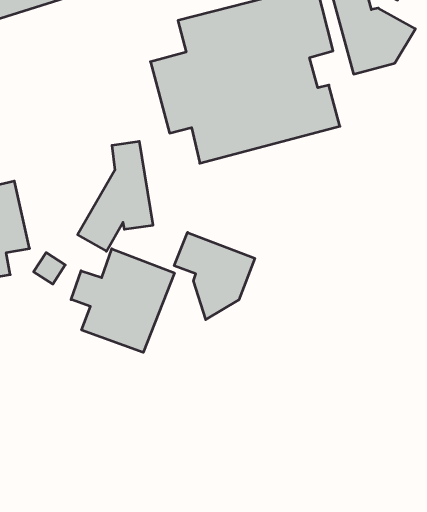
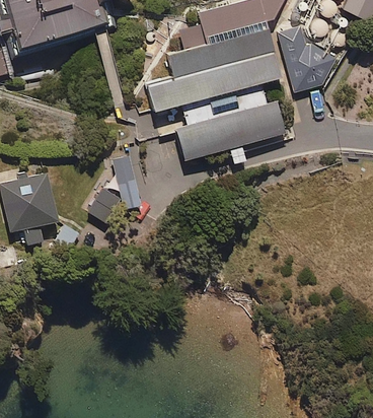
building: [174,232,255,320] -> none
building: [71,249,174,352] -> none

